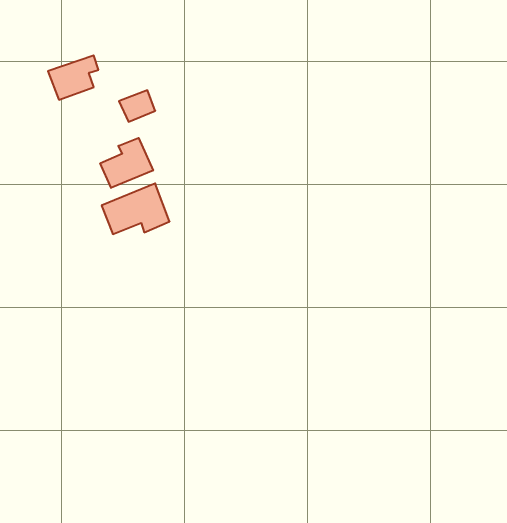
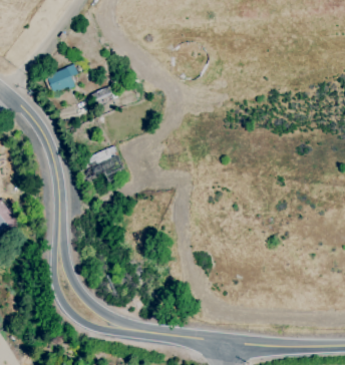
building: [100,138,153,188] -> none

